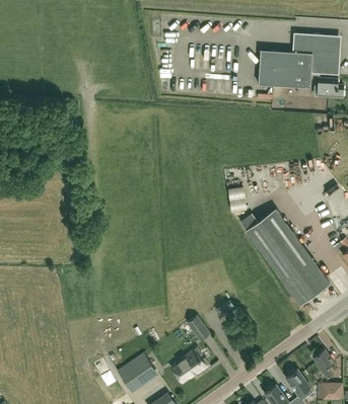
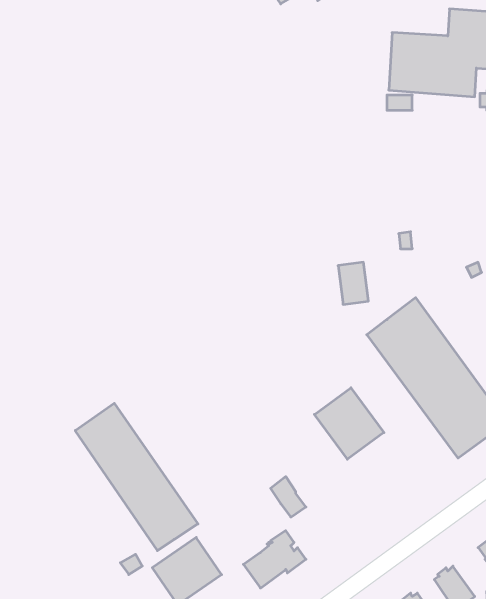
building: none -> [314,388,384,459]
building: none -> [75,403,198,551]

